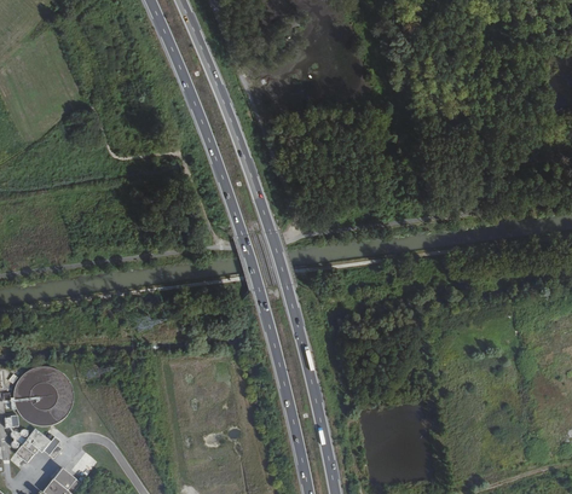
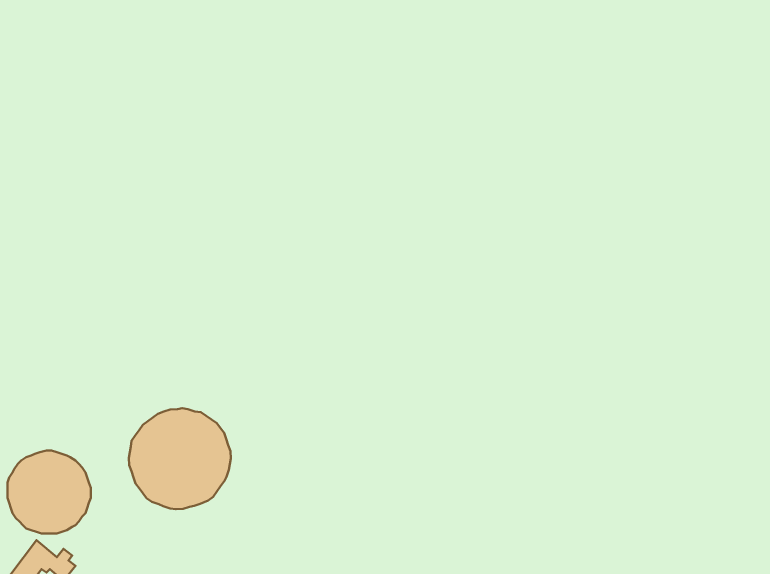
building: none -> [129,408,231,509]

